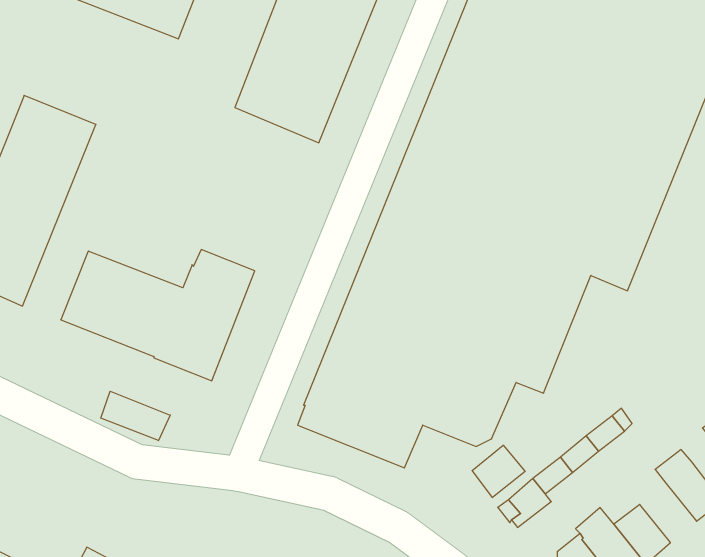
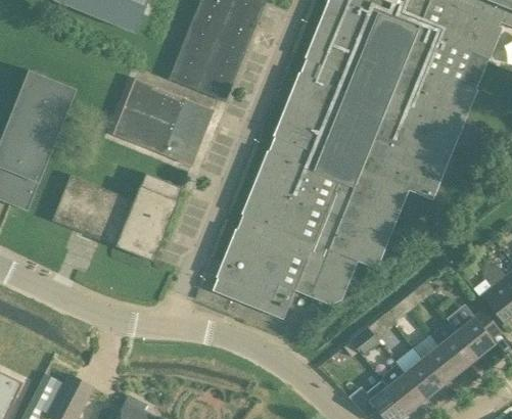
building: none -> [112,78,214,166]
building: [101,391,170,441] -> none
building: [472,445,525,498] -> none
building: none -> [439,330,477,370]

